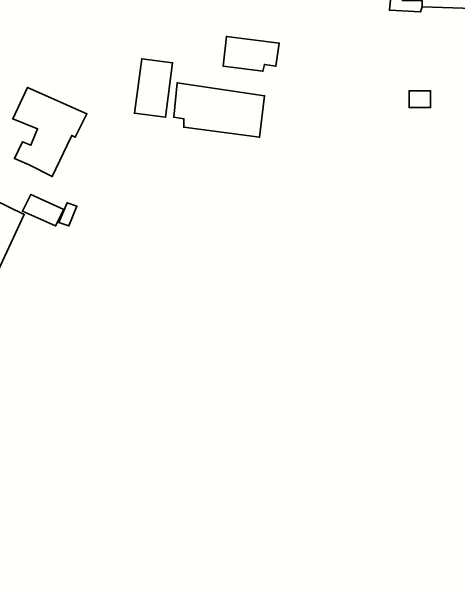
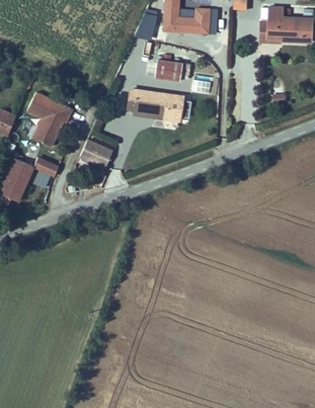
building: [135,59,173,117] -> none
building: none -> [78,140,114,170]

